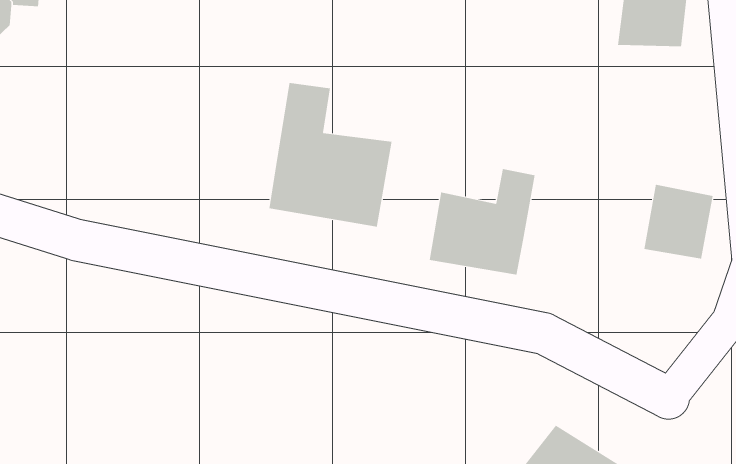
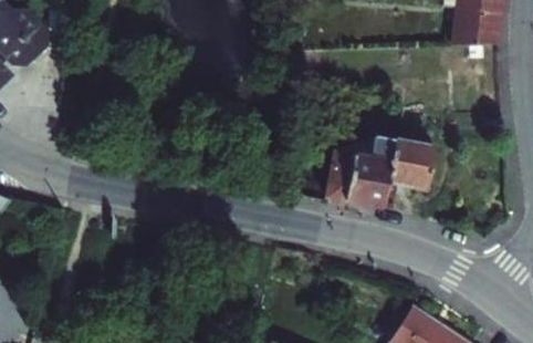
building: [269,82,392,228] -> none
building: [643,184,713,259] -> [389,139,436,189]

